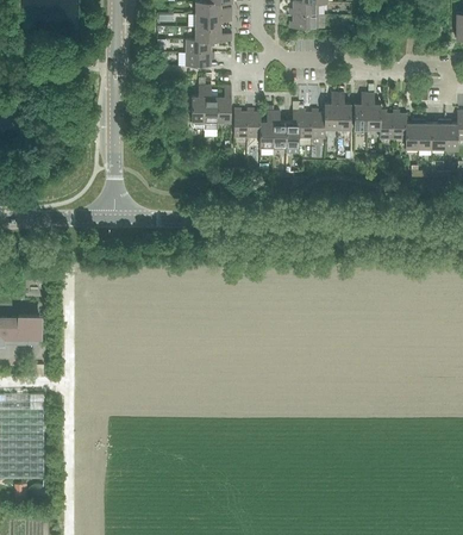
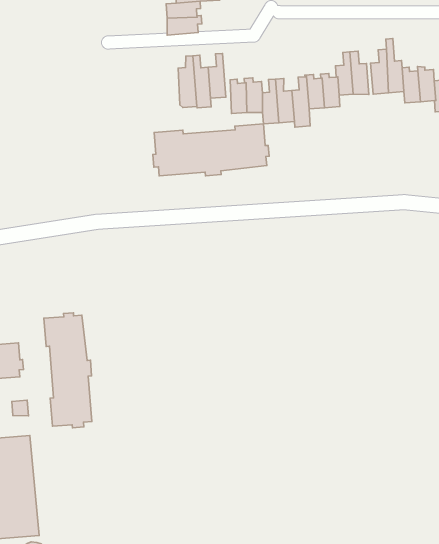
building: none -> [153,124,269,176]
building: none -> [44,313,92,428]

